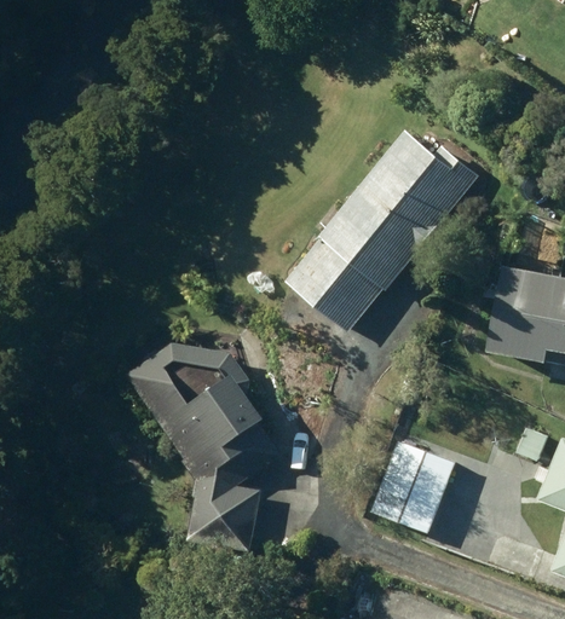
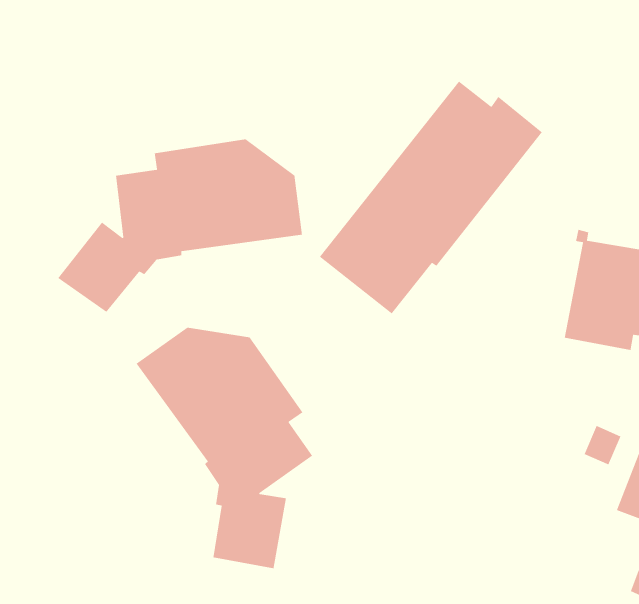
building: none -> [57,139,303,313]
building: [369,440,451,533] -> none

